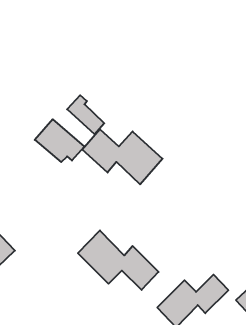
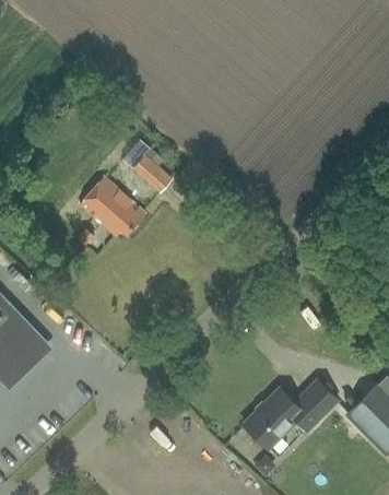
building: [82,129,163,184] -> none
building: [78,230,159,290] -> none

